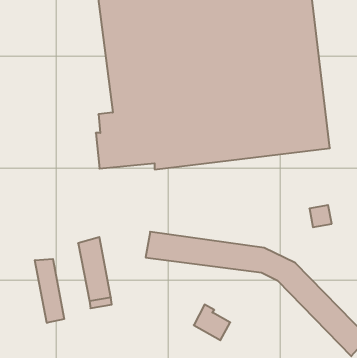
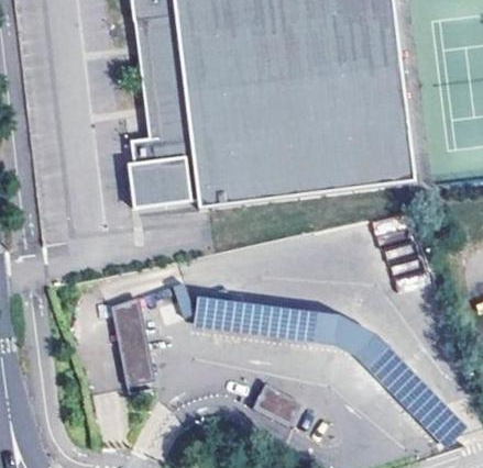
building: [35,259,64,323] -> none

